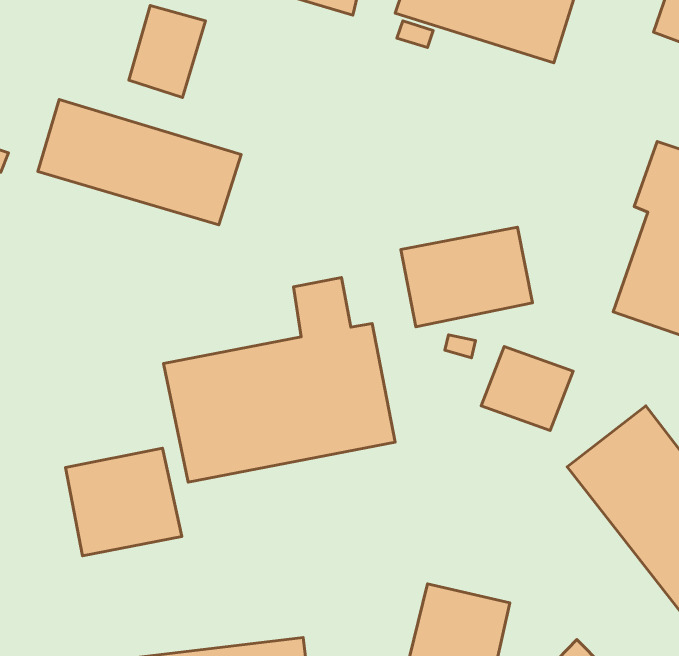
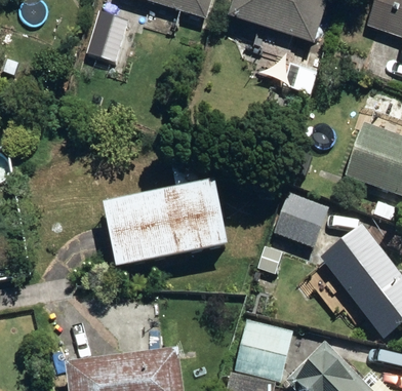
building: [38,100,241,225] -> none
building: [401,227,533,327] -> none
building: [66,448,182,556] -> none

